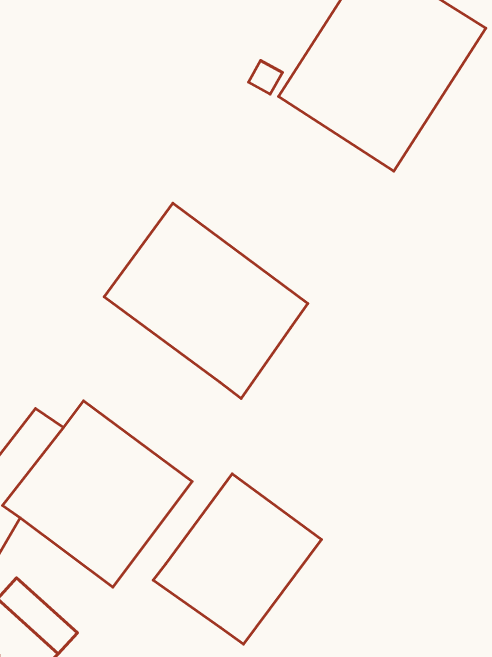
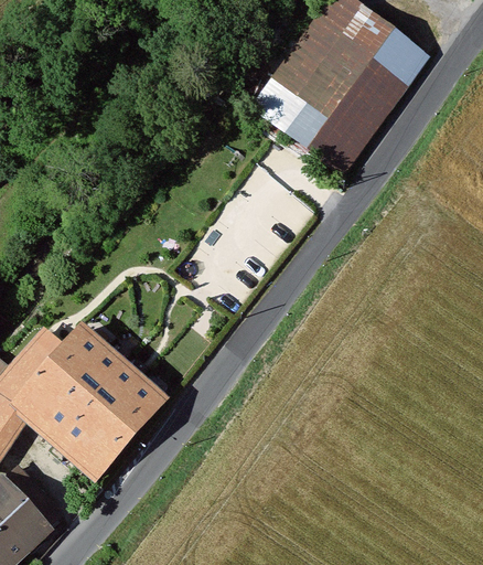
building: [104,203,308,399] -> none
building: [153,474,321,644] -> none

